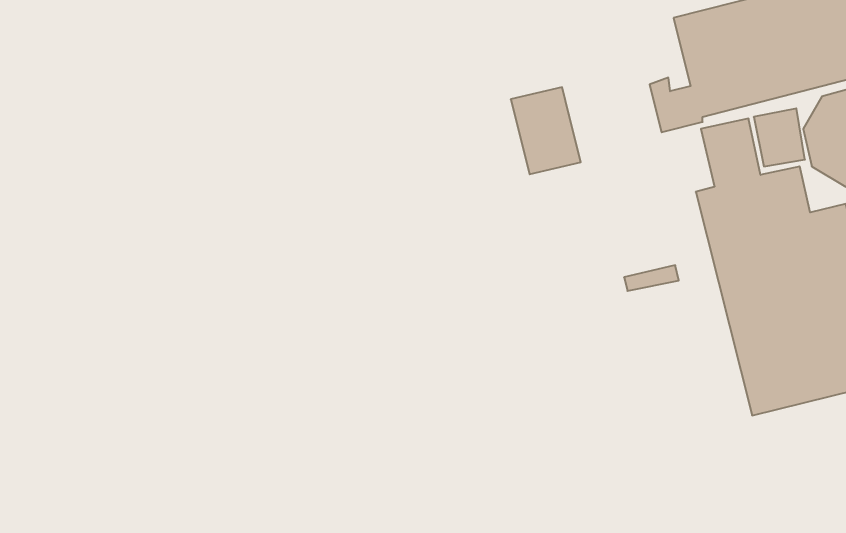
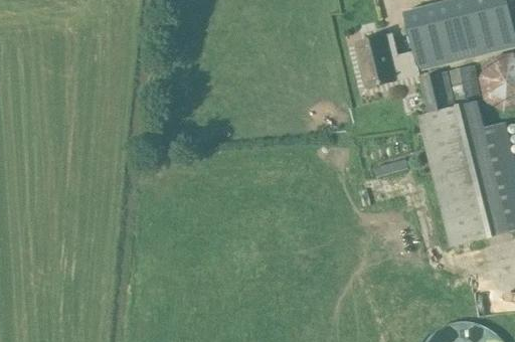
building: [511,87,581,174] -> [355,34,396,86]

